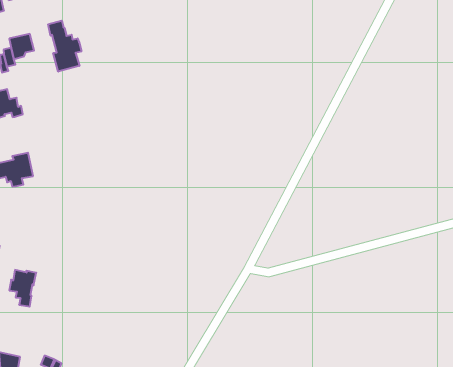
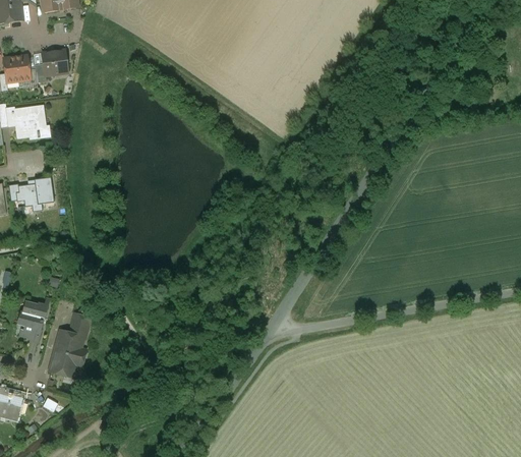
building: [48,21,81,72] -> none
building: none -> [50,313,91,377]

